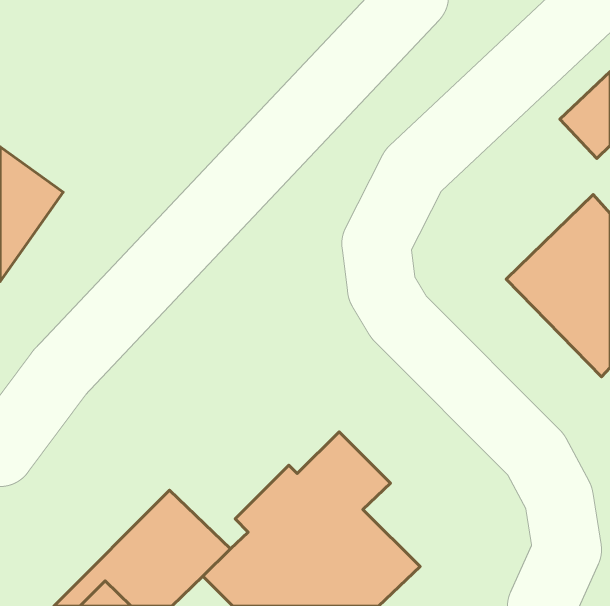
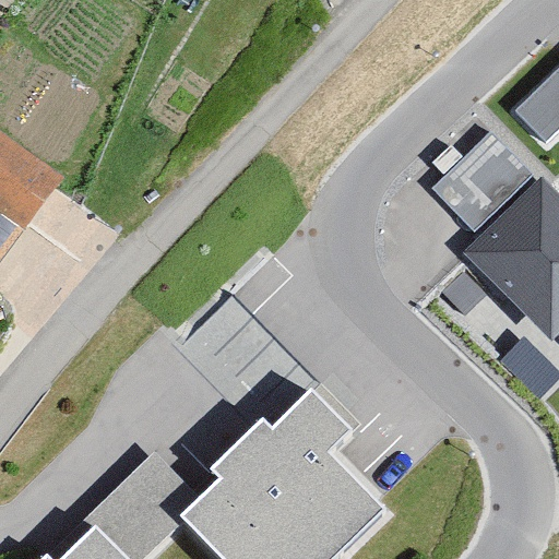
building: none -> [432,129,535,231]

